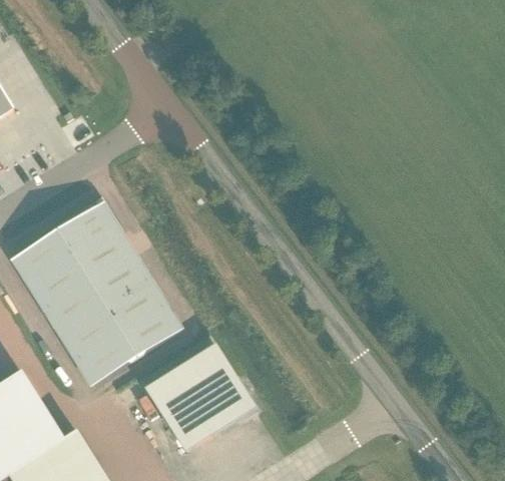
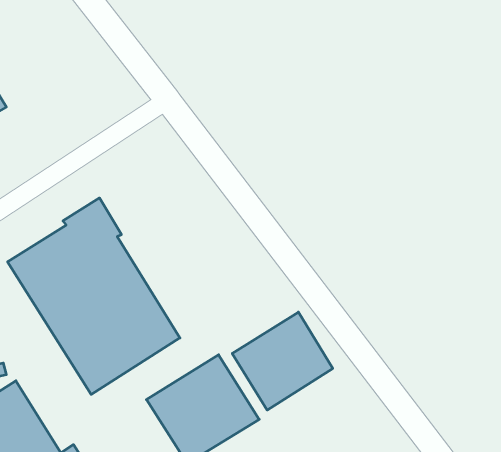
building: none -> [232,312,333,410]

